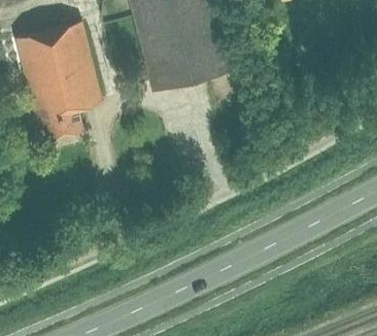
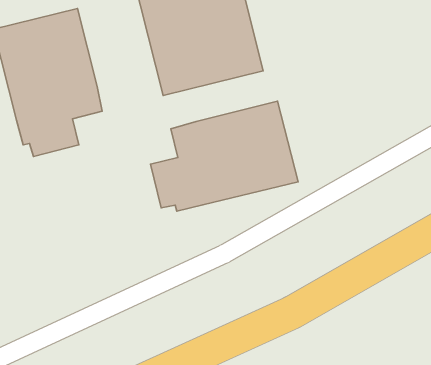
building: none -> [151,101,298,211]

